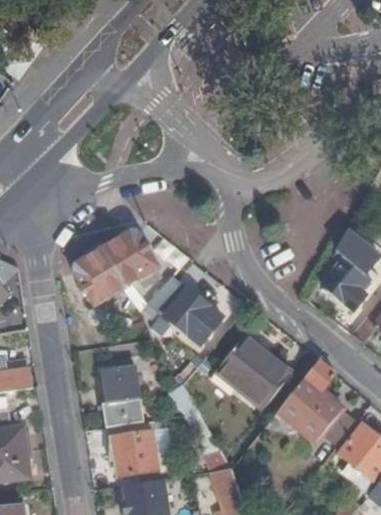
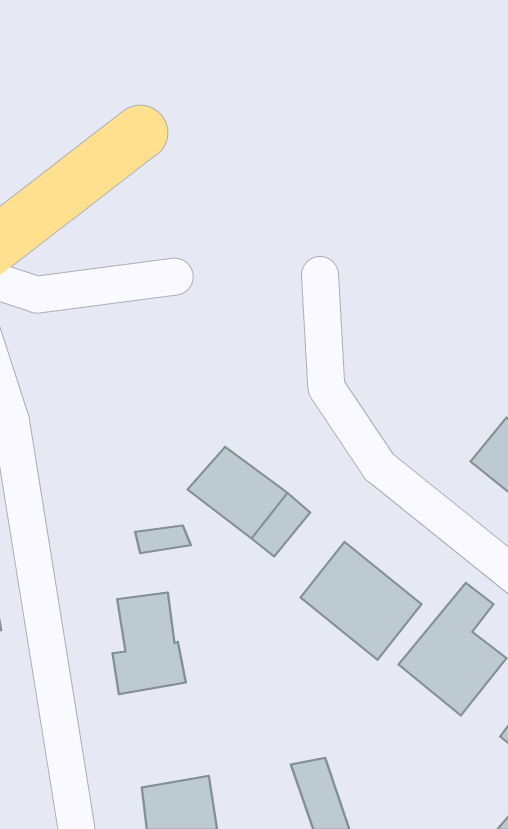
building: [75,231,159,306] -> none
building: [114,431,159,476] -> none

